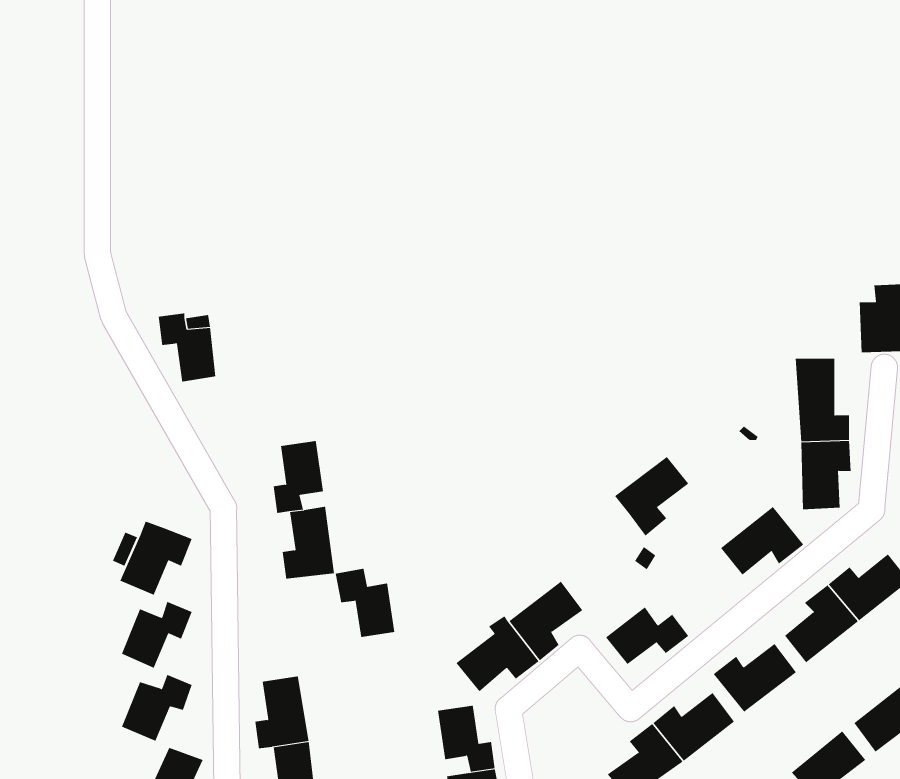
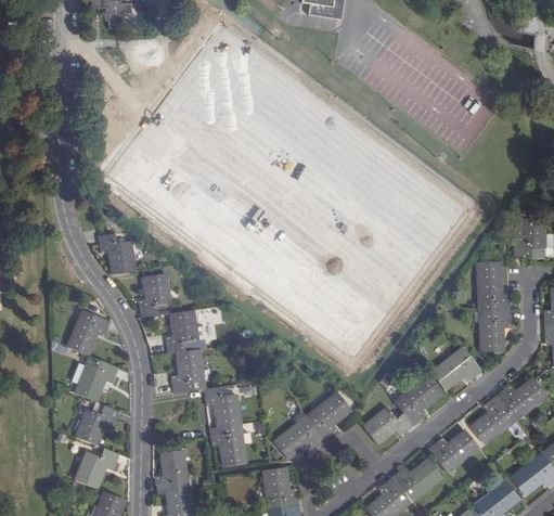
building: none -> [138,273,169,315]
building: none -> [66,310,109,354]
building: [614,456,689,536] -> [395,377,439,425]
building: none -> [209,423,244,465]

